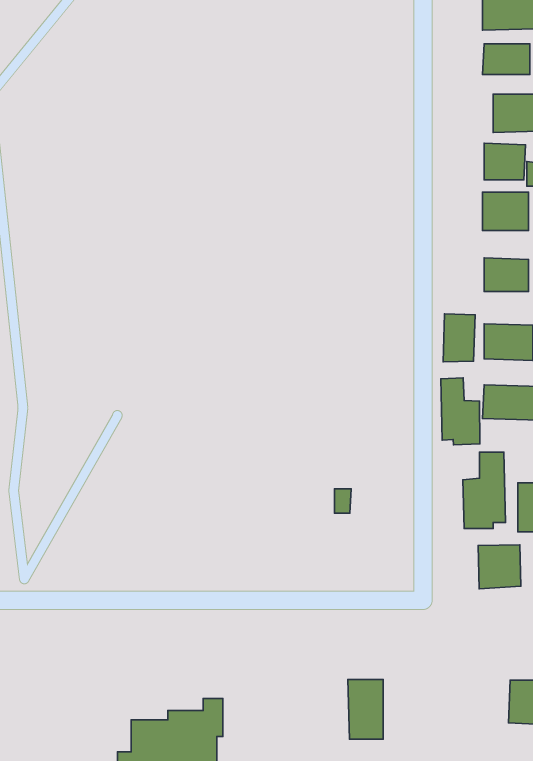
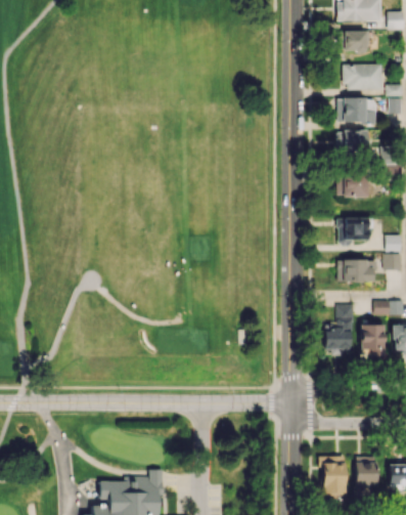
building: [443,314,475,362] -> none
building: [441,378,480,445] -> none
building: [478,545,521,589] -> none
building: [348,679,383,739] -> [322,456,346,496]

